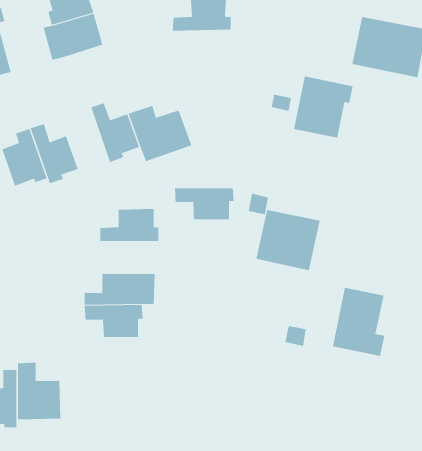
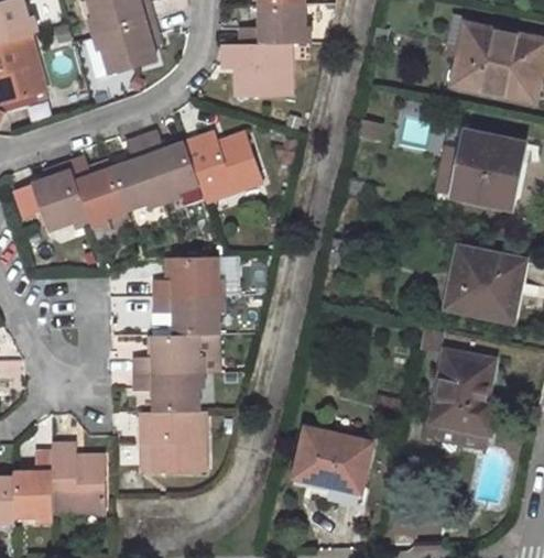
building: none -> [220,42,292,96]
building: [293,76,354,138] -> [451,131,524,206]
building: none -> [111,134,163,209]
building: [174,188,234,220] -> [151,296,224,335]
building: [256,209,321,271] -> [446,248,524,321]
building: none -> [142,412,205,473]
building: none -> [294,428,371,492]

